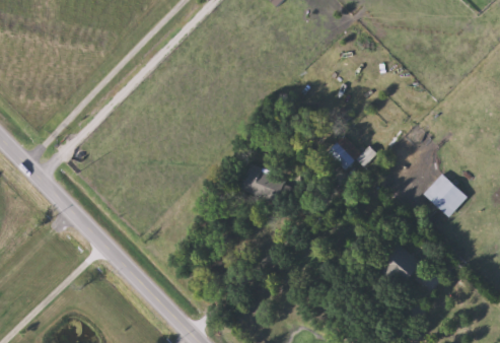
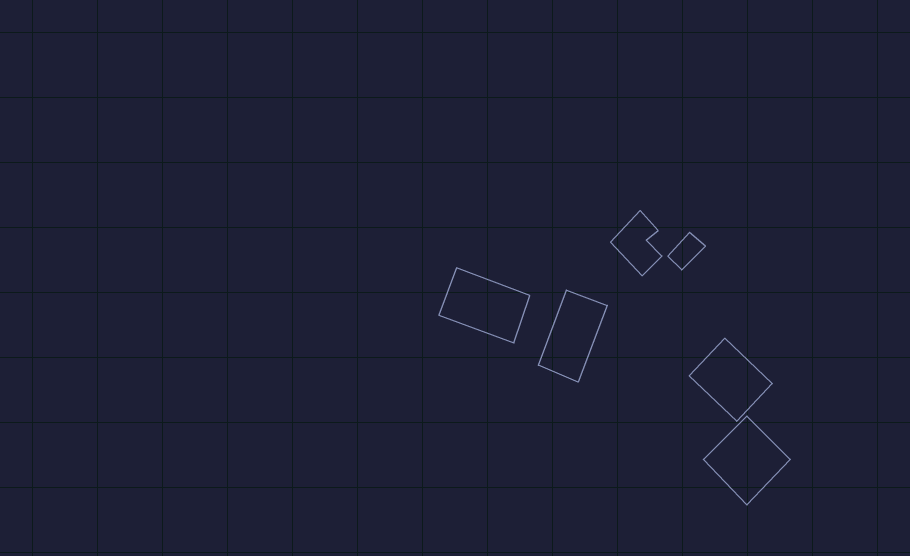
building: [424,175,467,217] -> [689,338,772,421]
building: none -> [538,290,607,382]

